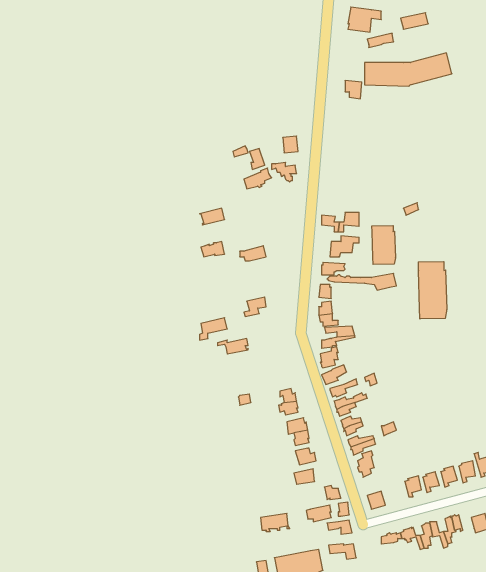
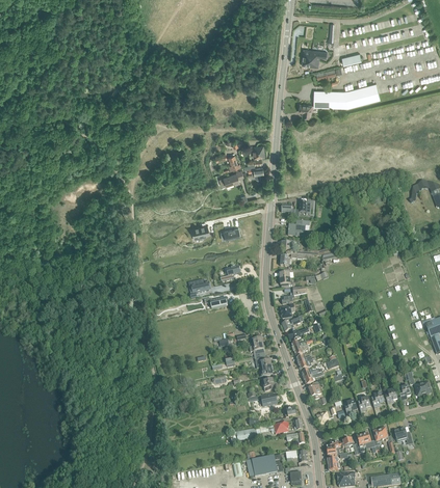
building: [372,226,395,264] -> none
building: [418,262,447,319] -> none

